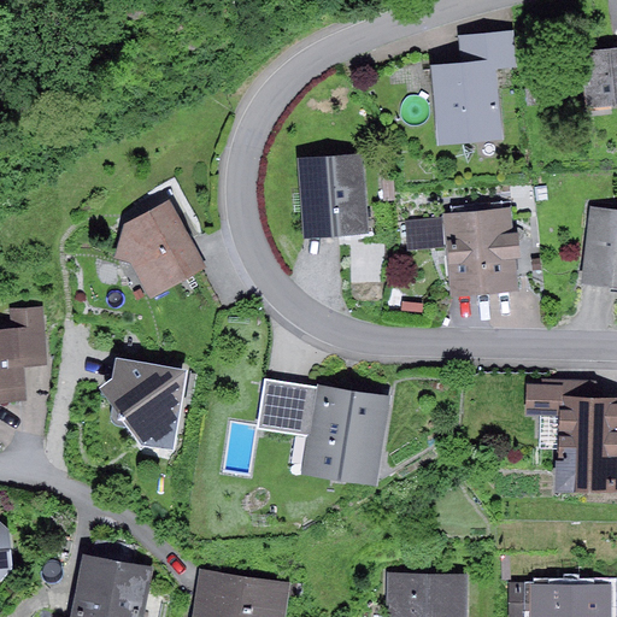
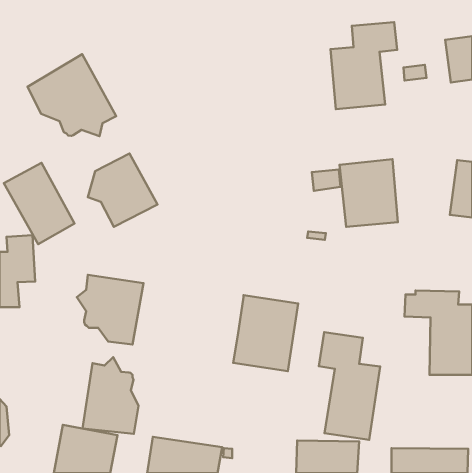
building: none -> [28,54,116,136]
building: [298,153,368,237] -> none
building: none -> [4,163,74,244]
building: [257,378,317,436] -> none
building: none -> [319,332,380,440]
building: none -> [83,357,139,434]

